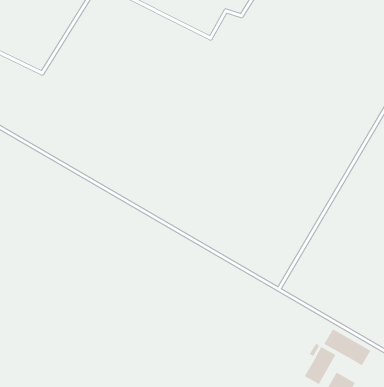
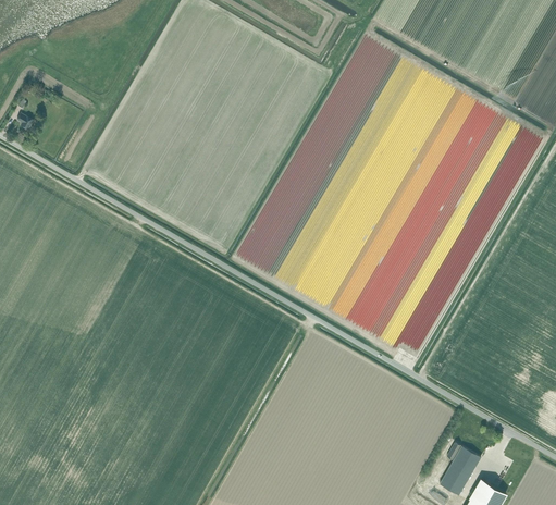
building: [323,329,371,366] -> none

